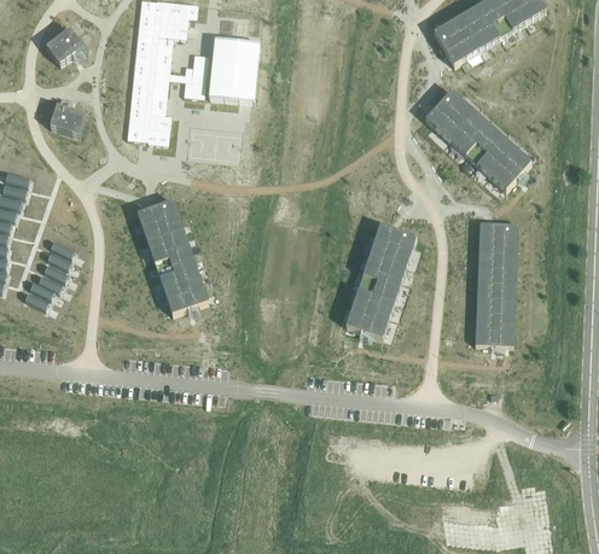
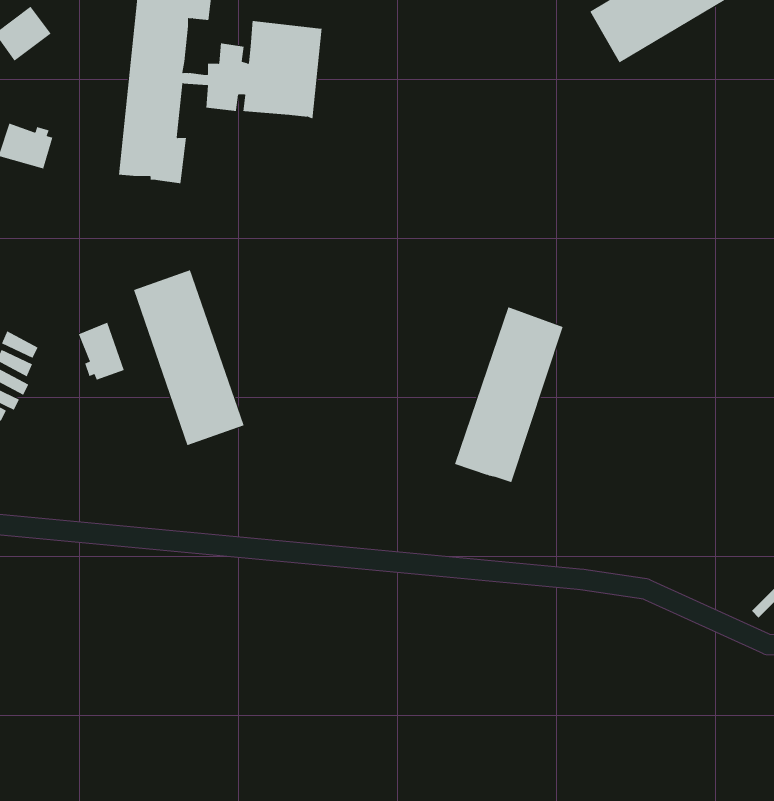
building: [425,88,531,189] -> none
building: [475,221,518,344] -> none
building: none -> [78,322,124,381]

